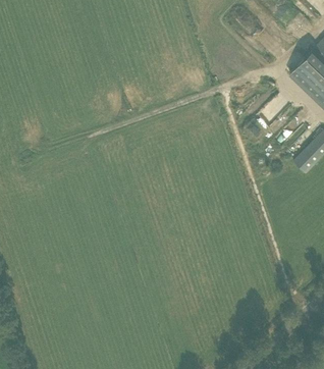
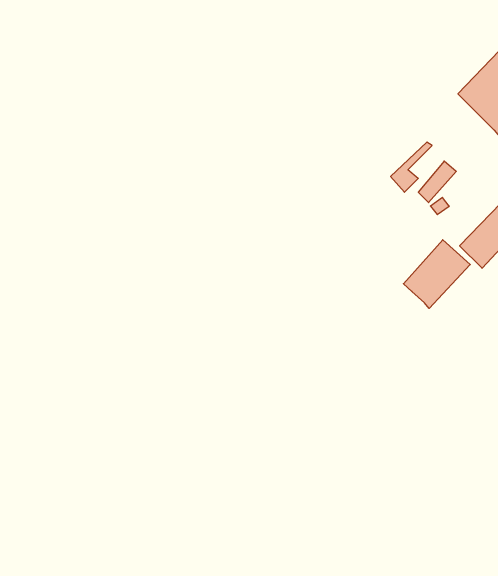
building: none -> [403,240,470,308]

